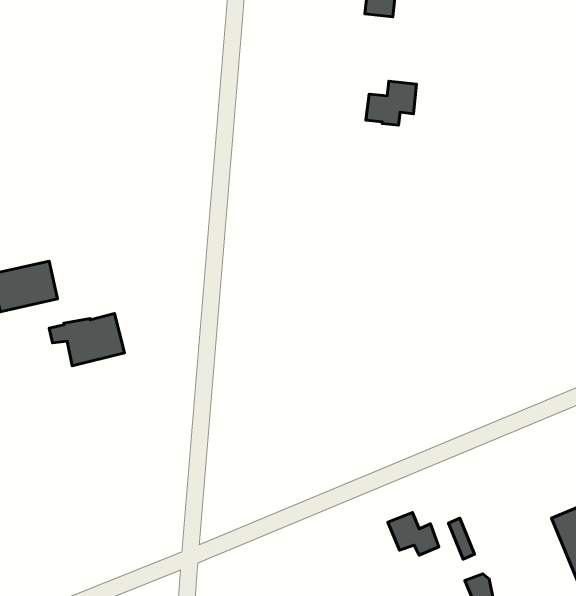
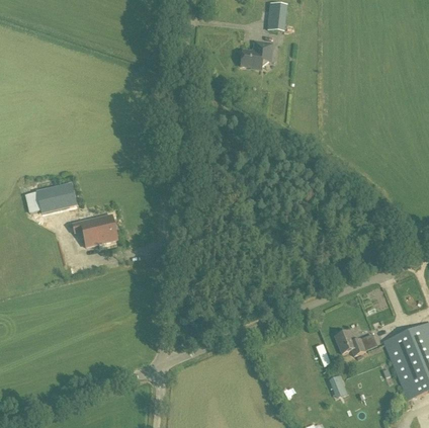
building: [366,81,417,125] -> [241,40,272,68]
building: [388,512,439,555] -> [335,329,366,355]

